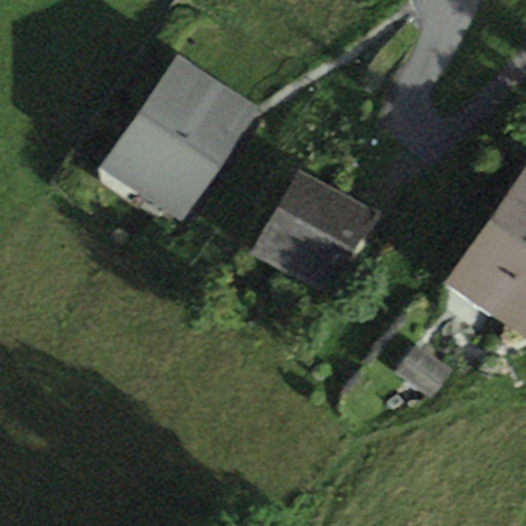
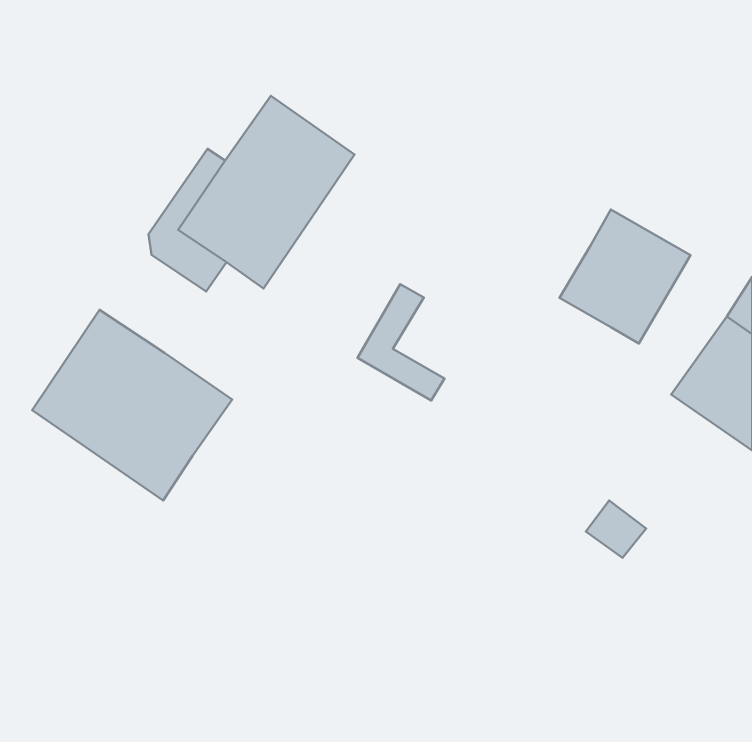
building: [274,182,366,275] -> [559,209,690,343]
building: none -> [32,310,232,500]

